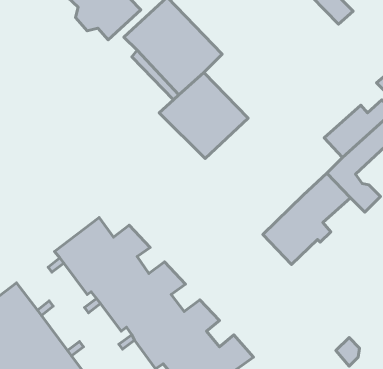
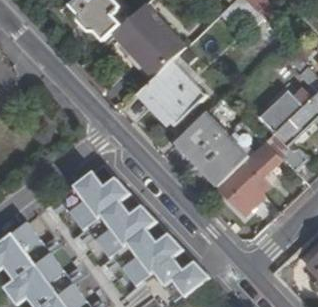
building: none -> [174,114,248,187]

